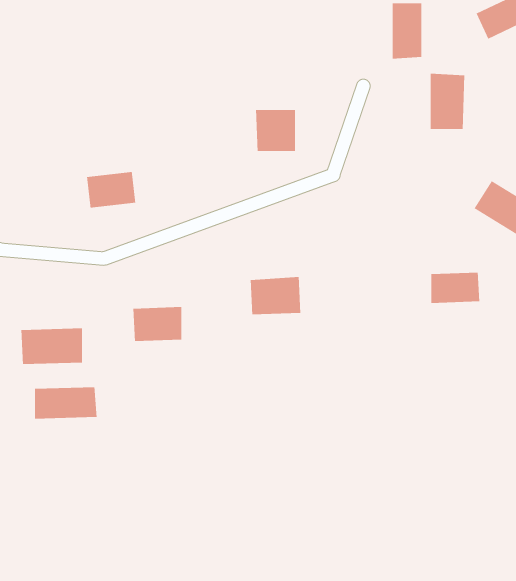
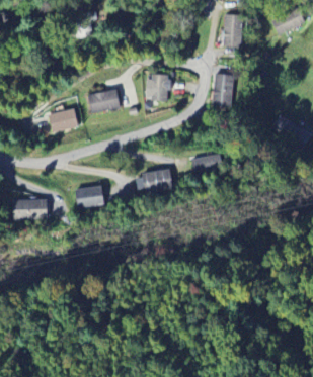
building: [430,73,465,130] -> [213,74,233,106]
building: none -> [88,89,122,113]
building: [431,272,480,304] -> [192,156,221,174]
building: [34,386,98,419] -> none

